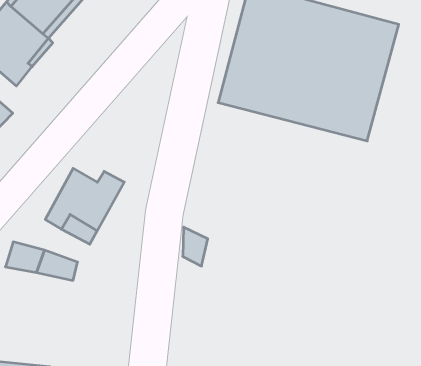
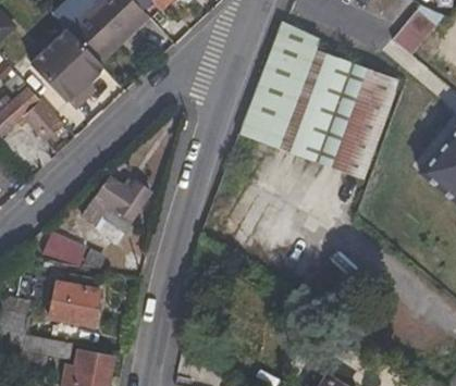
building: none -> [48,282,102,327]

